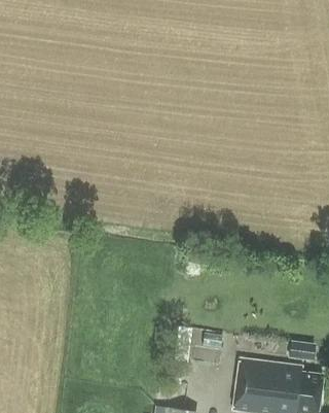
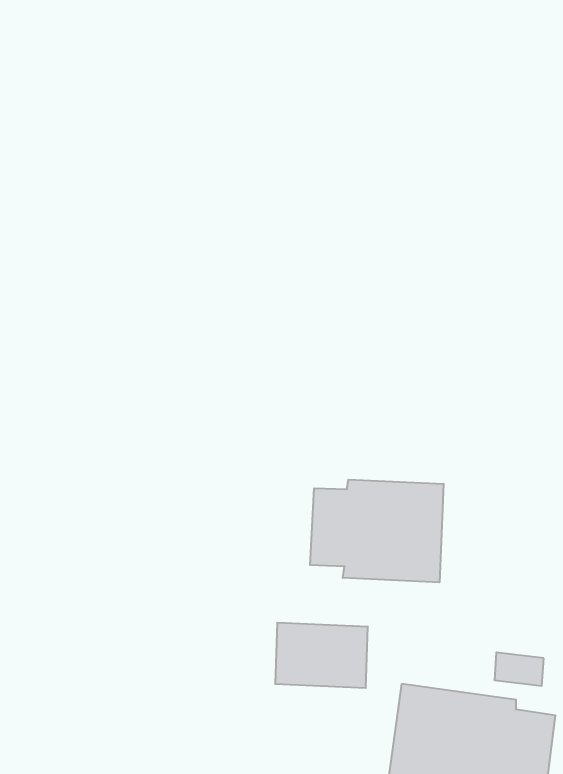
building: none -> [310,480,444,582]

